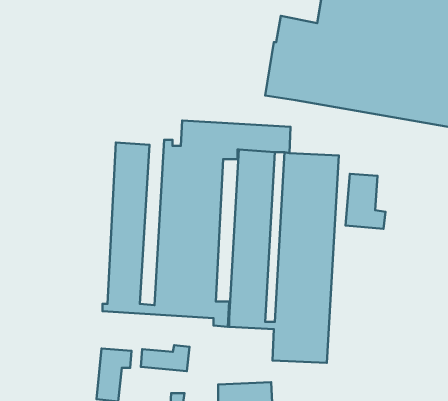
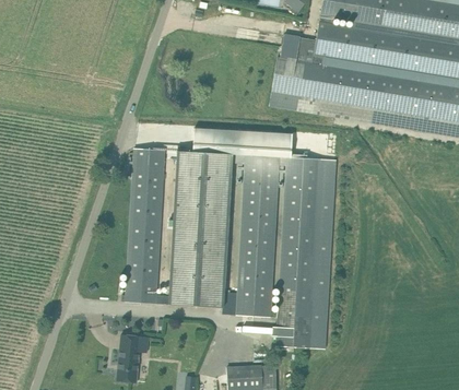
building: [346,174,386,229] -> none
building: [141,345,189,371] -> none

